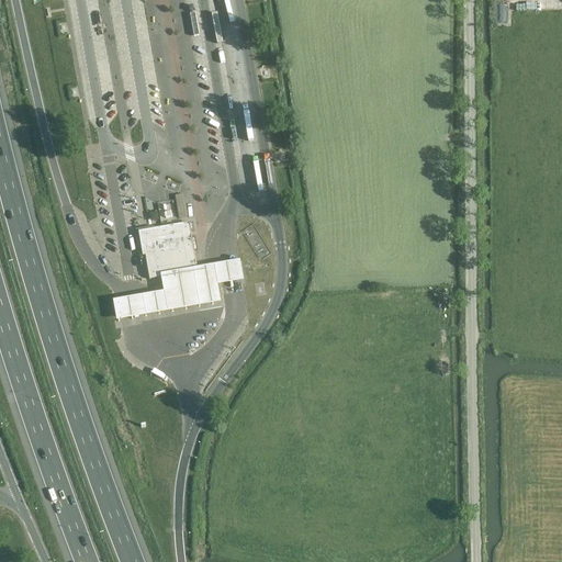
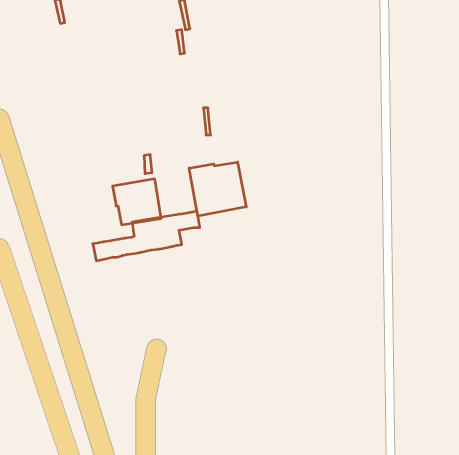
building: none -> [189,162,246,216]

